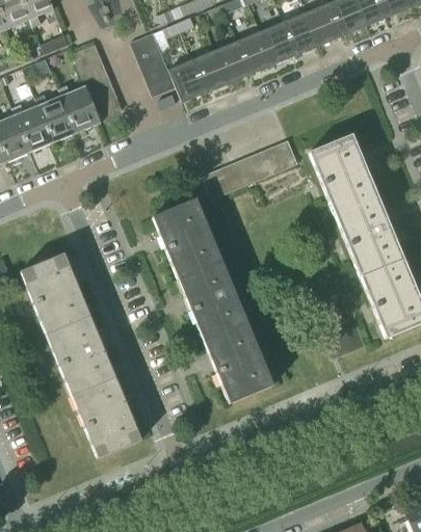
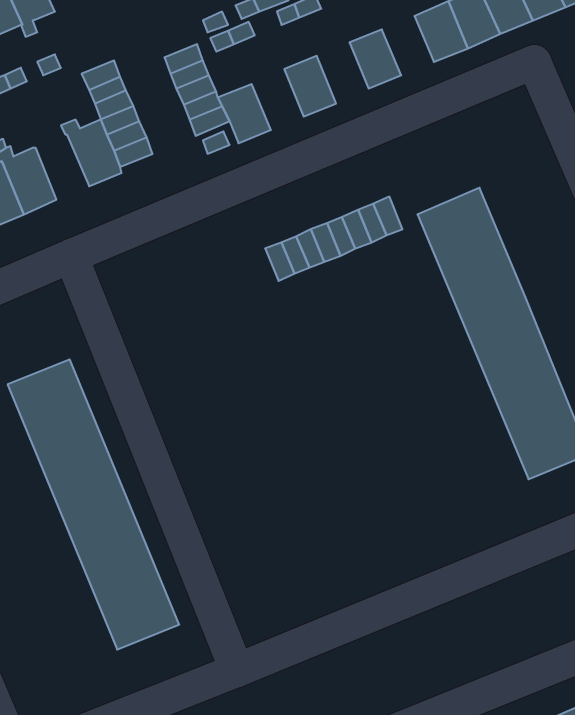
building: [284,11,320,53] -> none
building: [238,30,274,73] -> none
building: [192,49,229,91] -> none
building: [35,94,78,140] -> none
building: [153,197,273,402] -> none

